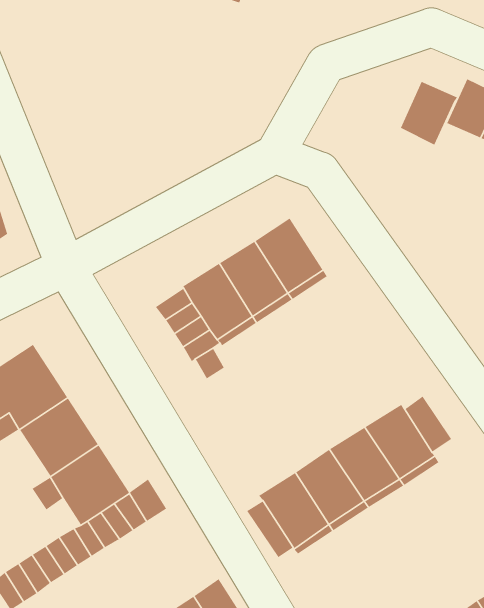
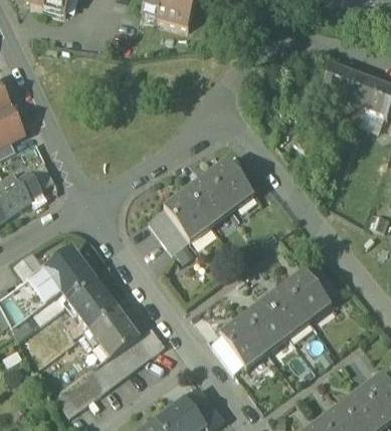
building: [400,81,458,146] -> none

